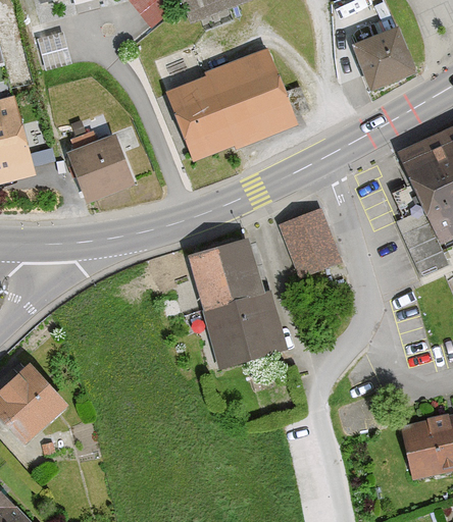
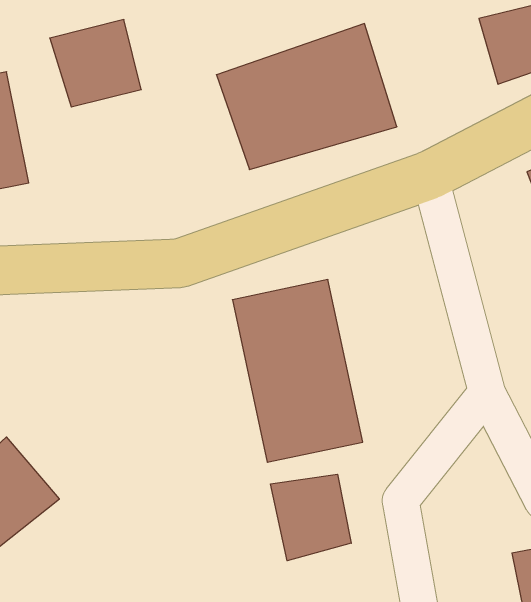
building: [66,134,135,199] -> [50,20,141,107]
building: [273,207,342,281] -> none
building: none -> [271,474,351,561]

